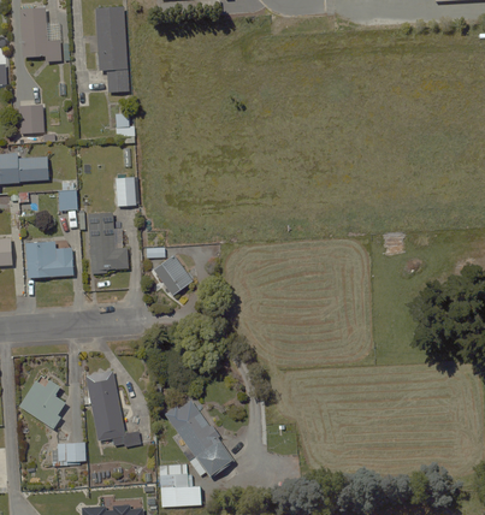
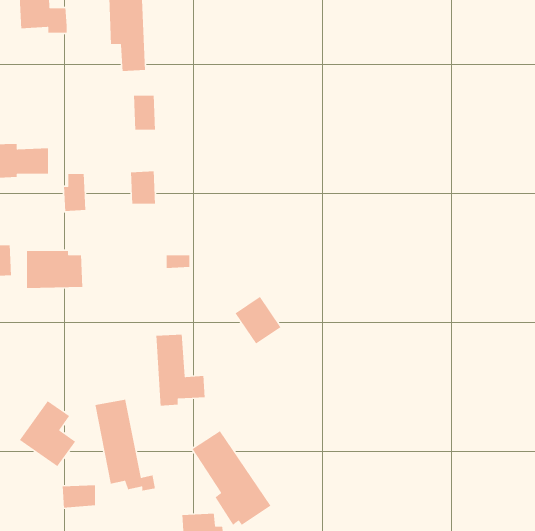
building: [19,100,43,134] -> none
building: [88,214,130,276] -> [156,334,205,406]
building: [153,256,193,297] -> [234,296,281,345]

